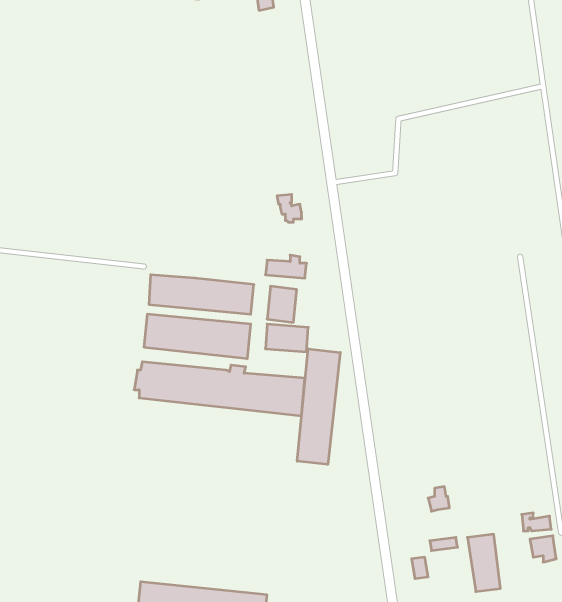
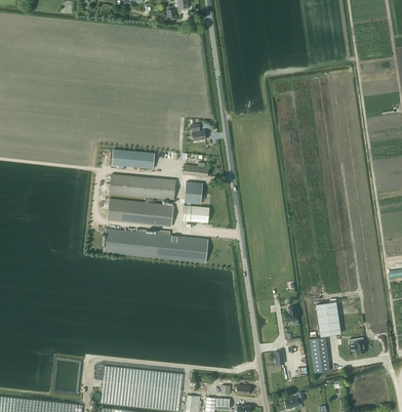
building: none -> [111,149,155,169]
building: [297,349,340,464] -> none
building: none -> [316,301,340,336]

